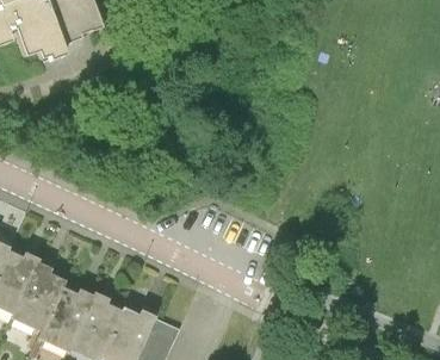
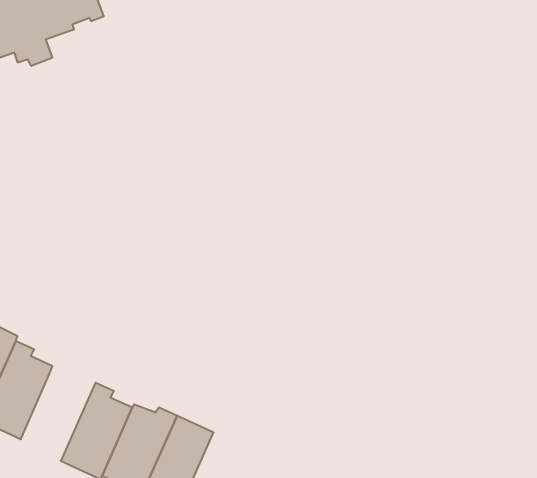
building: [39,285,94,350] -> none

